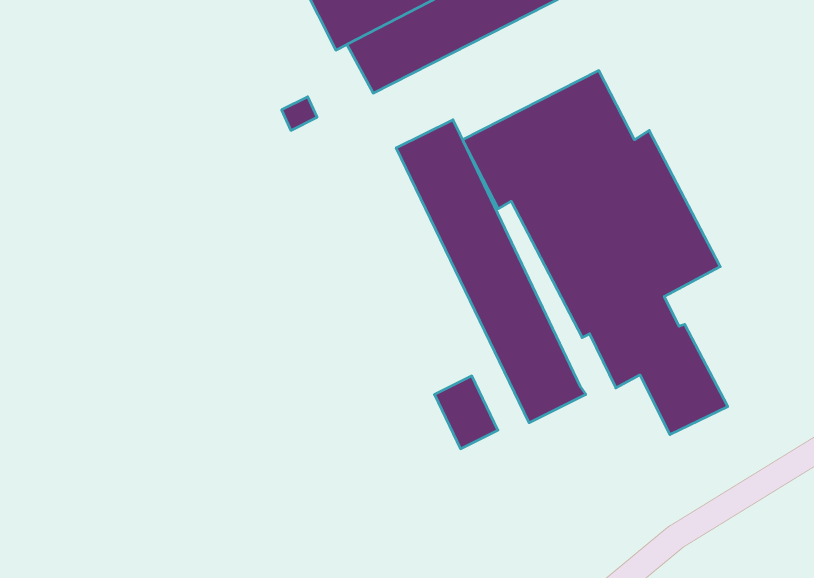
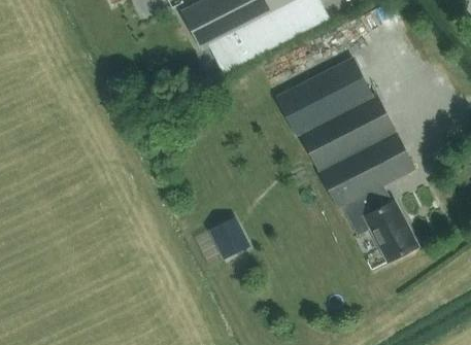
building: [396,120,586,423] -> none
building: [434,376,498,449] -> [208,218,243,258]

